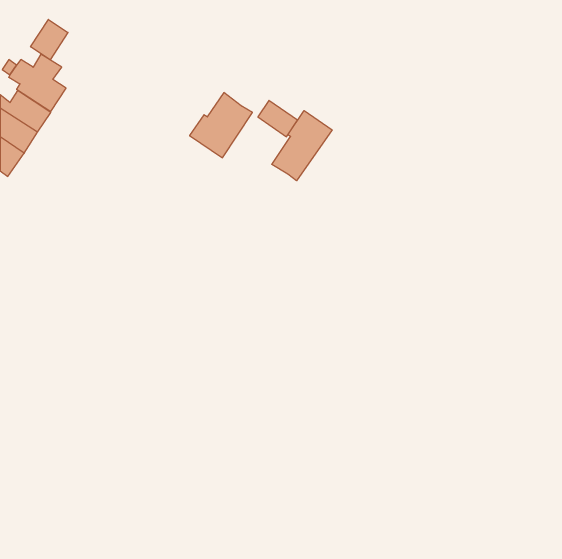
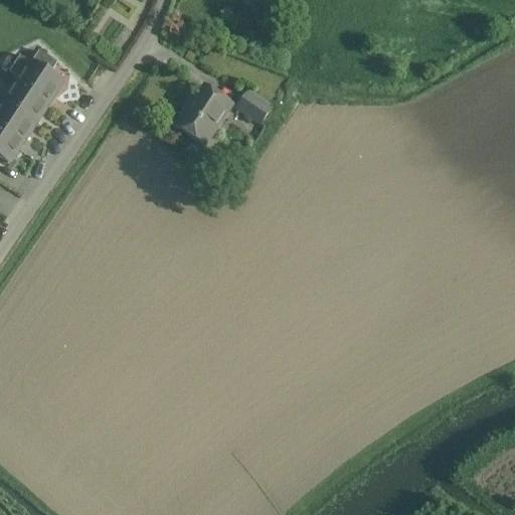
building: [31,19,68,60] -> none
building: [272,111,332,181] -> none

